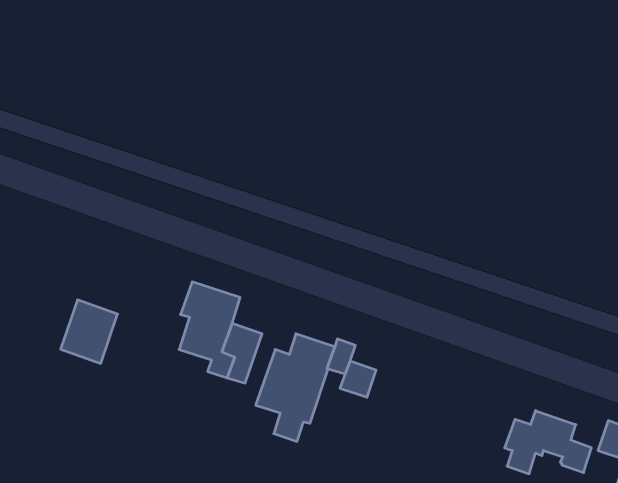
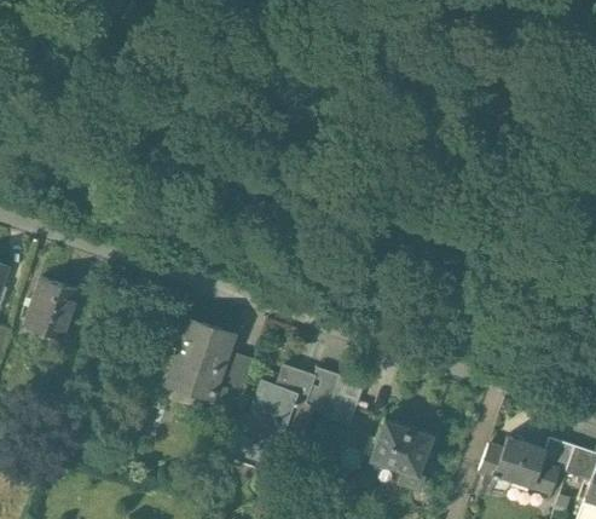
building: [61,300,118,363] -> [25,276,79,335]
building: none -> [370,420,434,491]
building: none -> [540,438,575,474]

